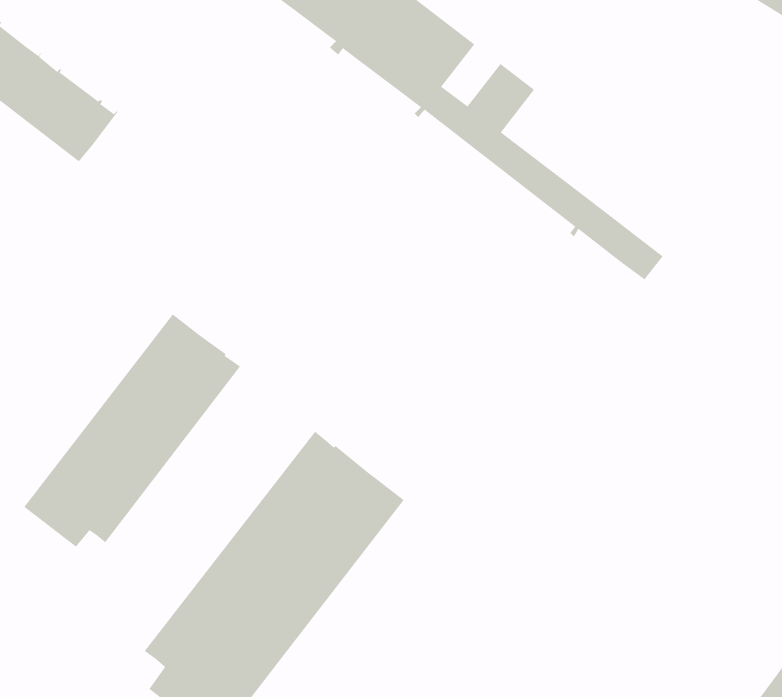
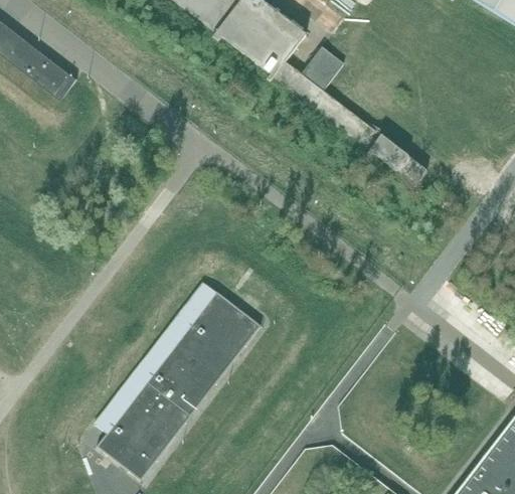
building: [23,314,241,548] -> none

